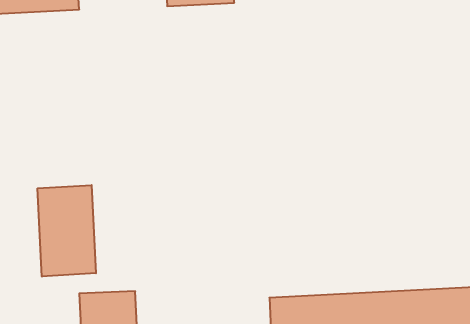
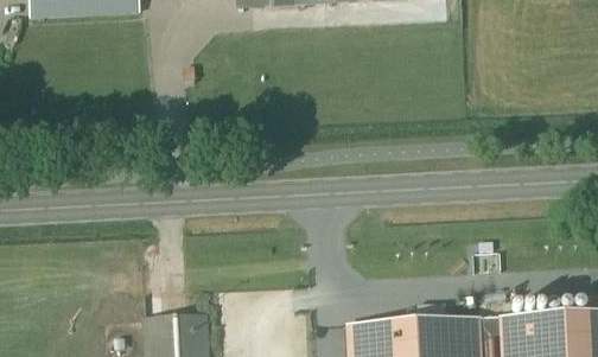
building: [38,185,96,277] -> none

